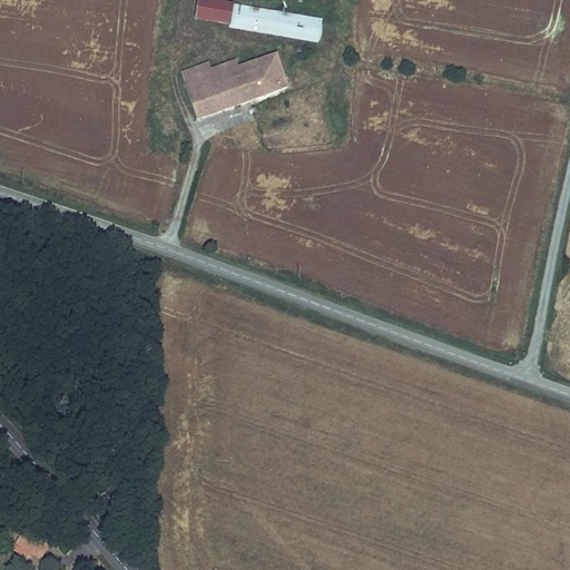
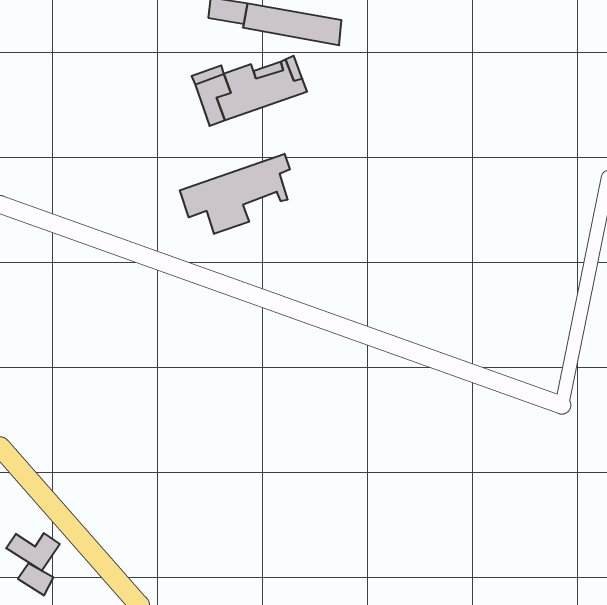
building: none -> [180,154,290,234]
building: none -> [6,533,60,571]

